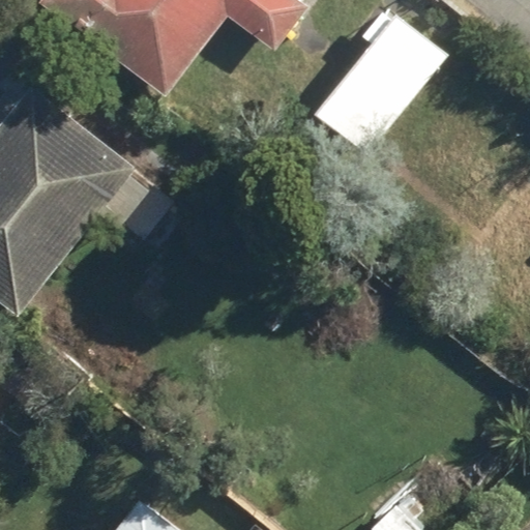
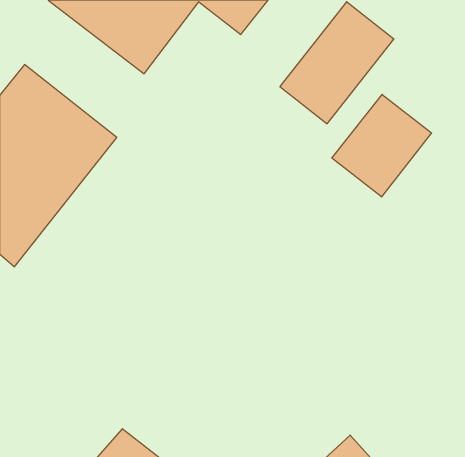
building: none -> [332,94,432,197]

